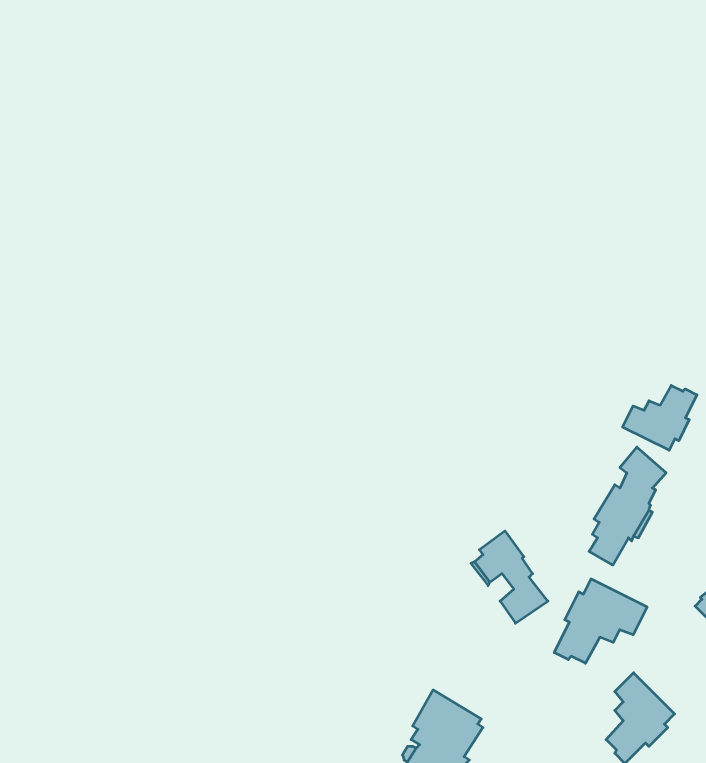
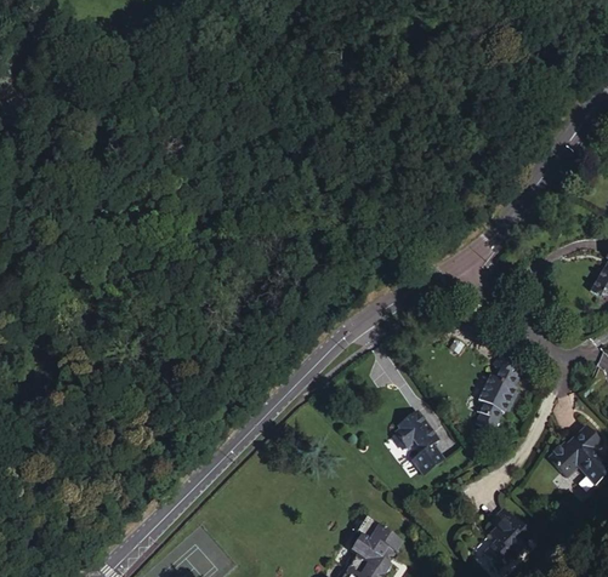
building: [623,385,697,450] -> none
building: [554,579,647,663] -> none

